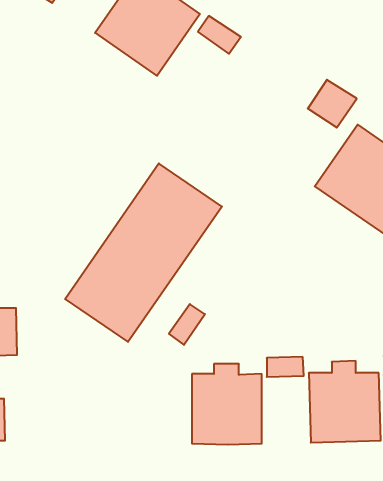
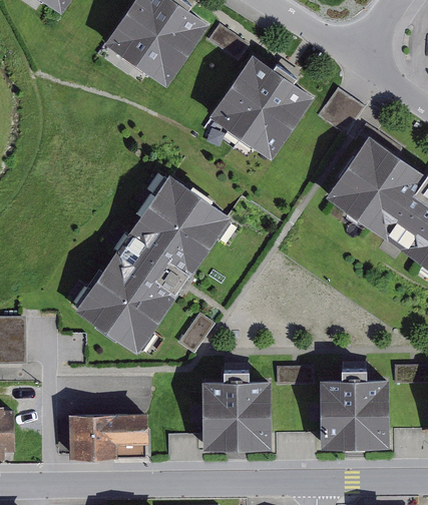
building: none -> [208,53,315,158]
building: none -> [68,412,147,460]

